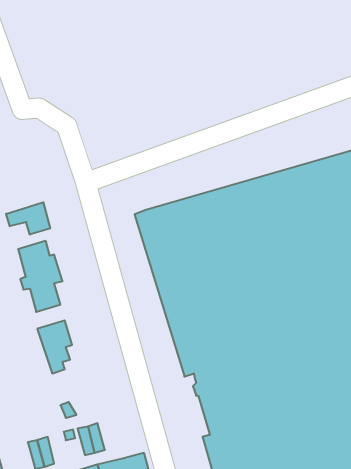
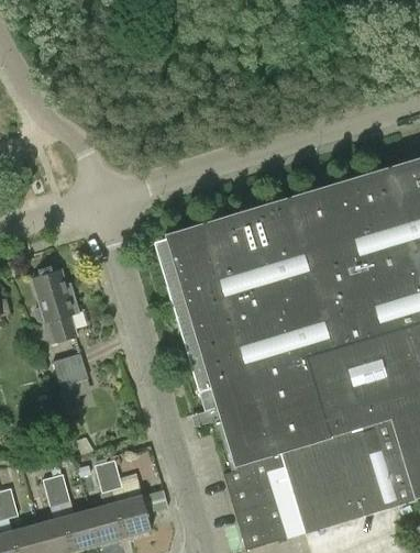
building: [6,202,50,235] -> none

